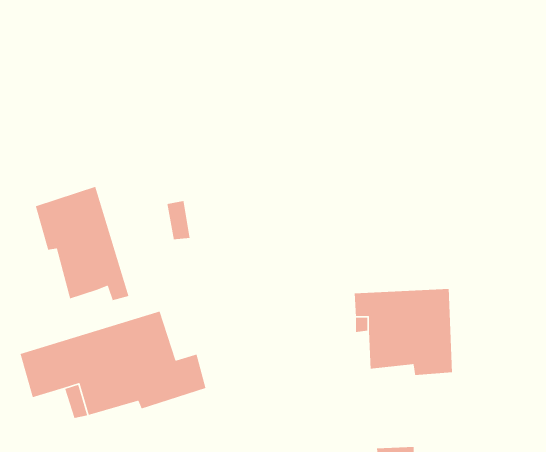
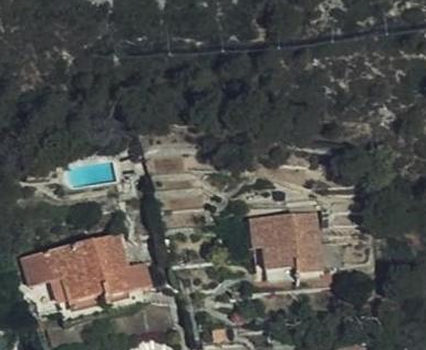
building: [35,186,130,301] -> none

